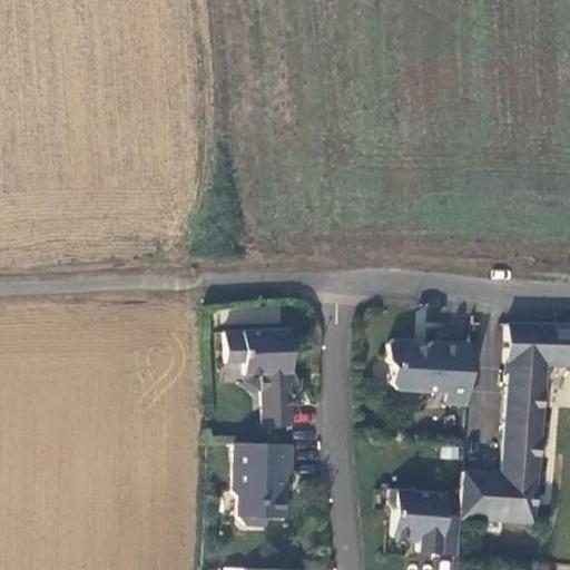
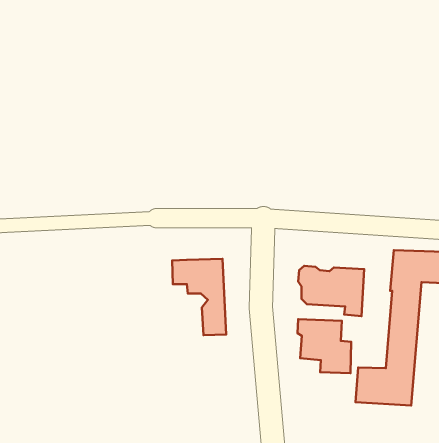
building: [235,445,295,527] -> none
building: [392,489,461,558] -> [297,319,351,373]

